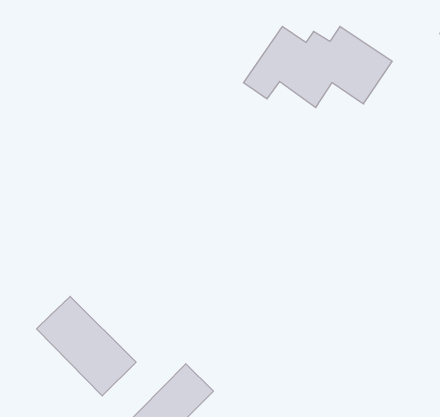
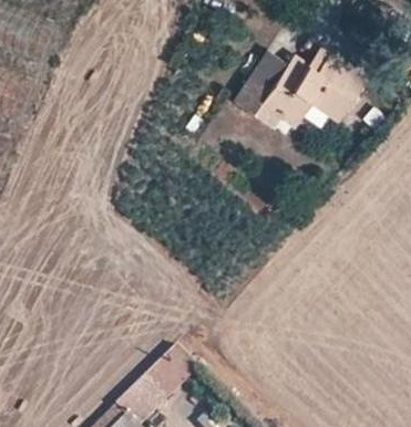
building: [37,296,136,396] -> none

